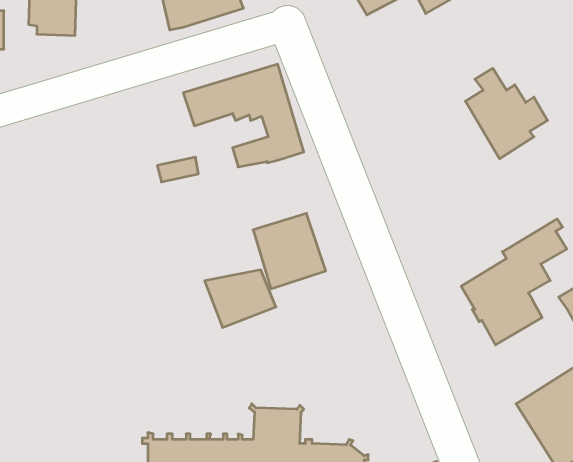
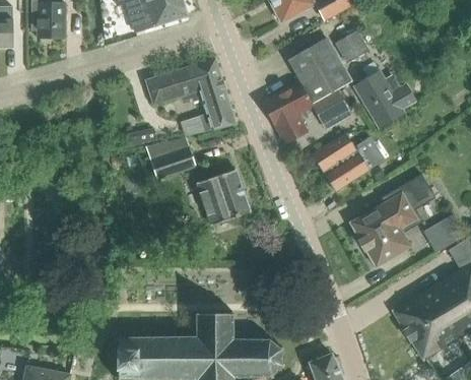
building: none -> [336,30,369,62]
building: none -> [267,37,351,146]
building: none -> [312,132,380,190]
building: [205,270,276,327] -> [144,137,197,180]

